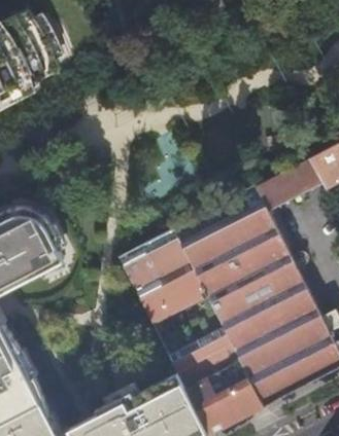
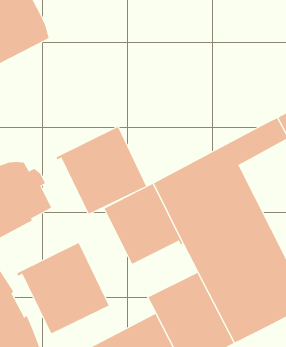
building: none -> [55,126,147,215]
building: none -> [16,242,109,334]

